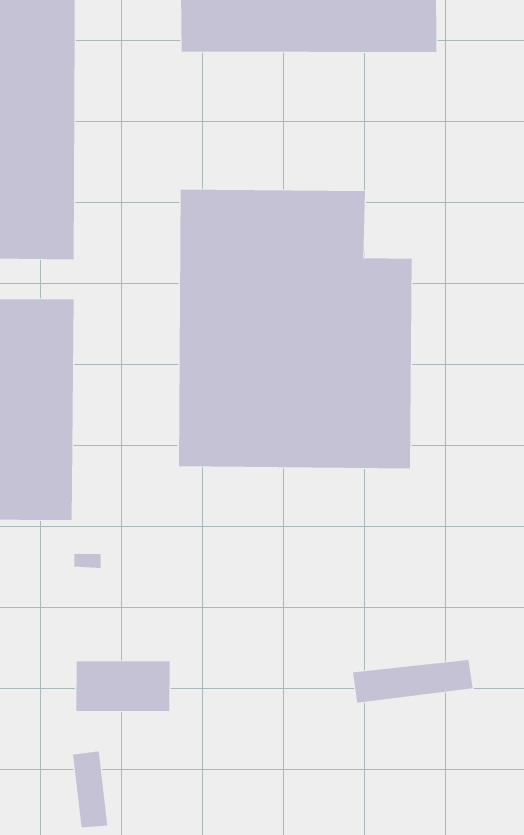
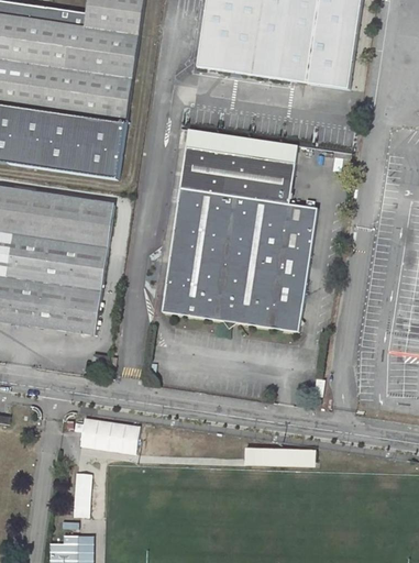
building: none -> [185,129,297,163]

